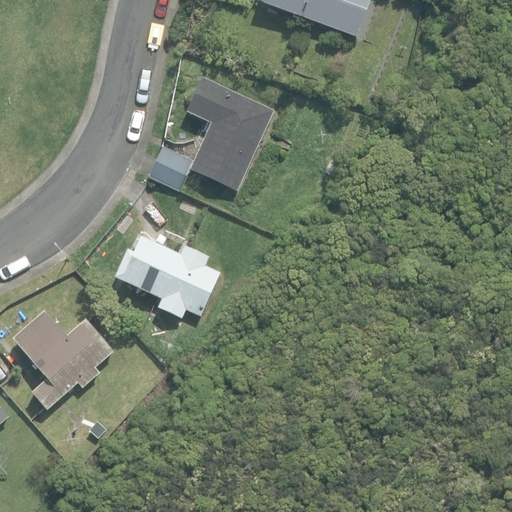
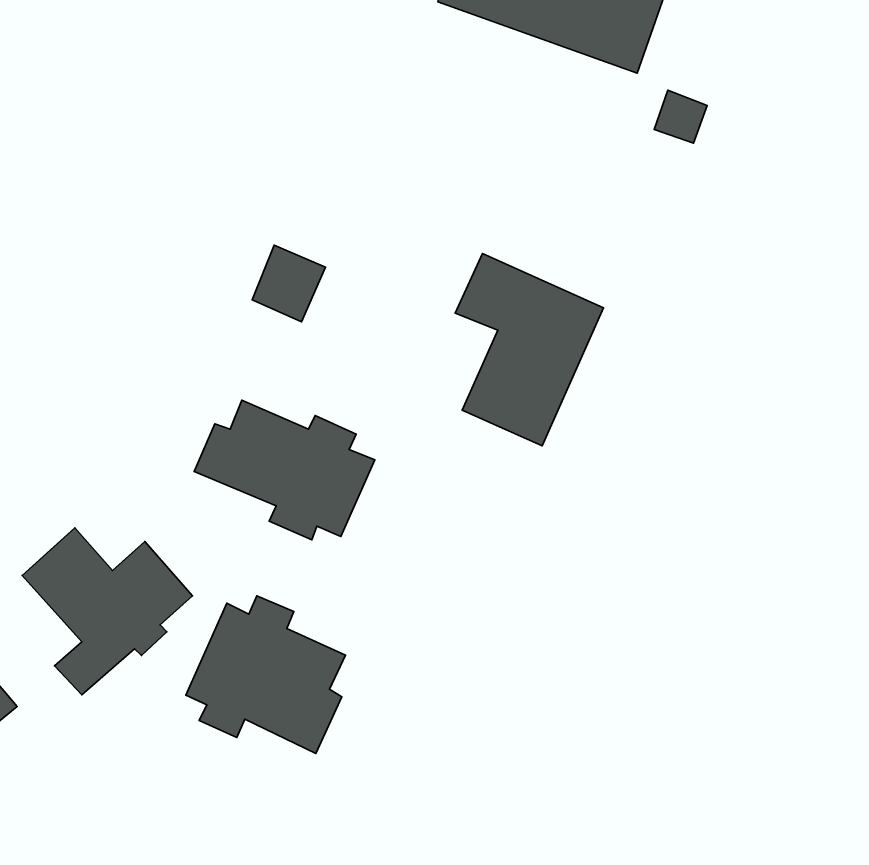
building: [185,76,272,189] -> [455,254,604,446]
building: none -> [186,596,346,753]

